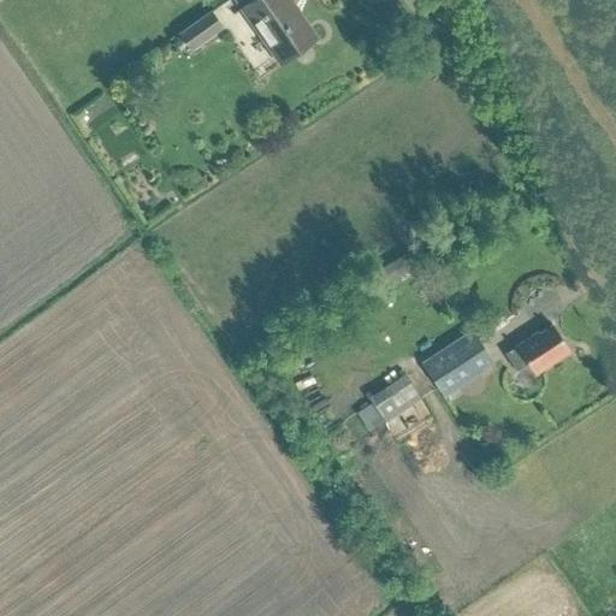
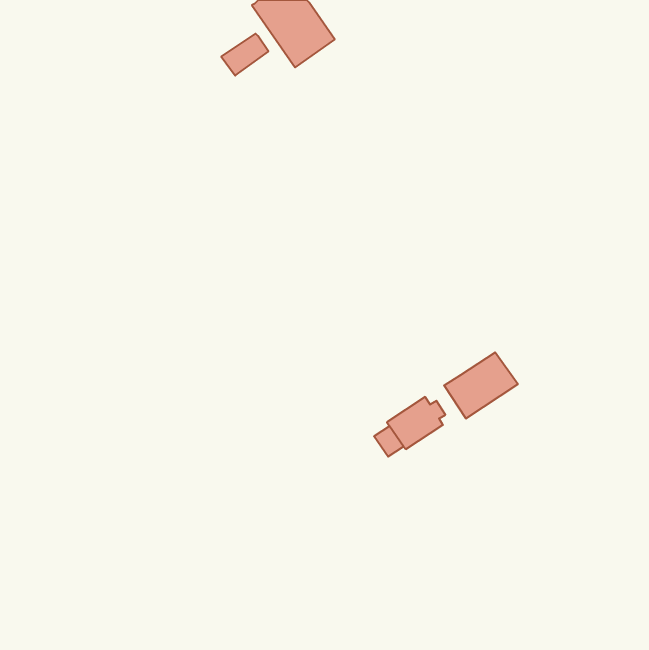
building: [177,8,221,48] -> [221,34,268,76]
building: [507,322,570,373] -> none

